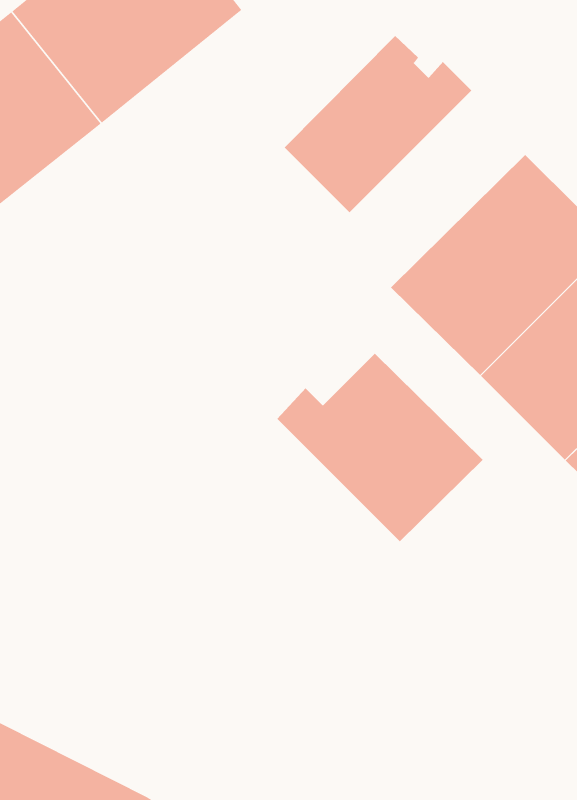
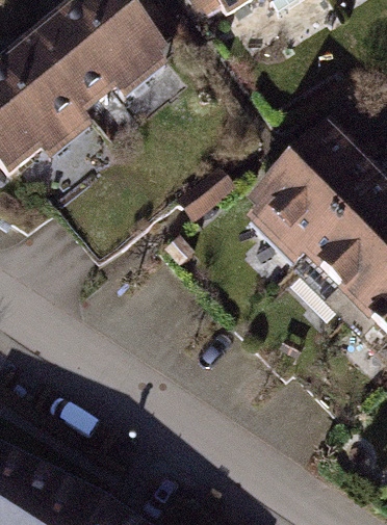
building: [284,35,472,213] -> none
building: [277,353,484,542] -> none

